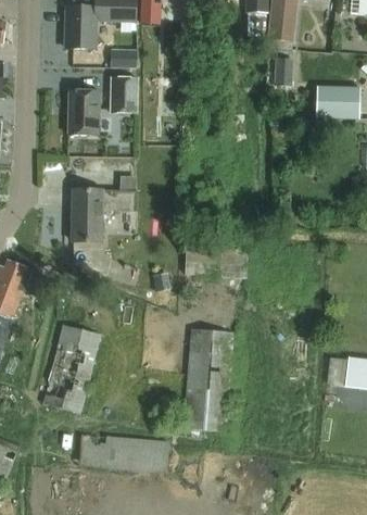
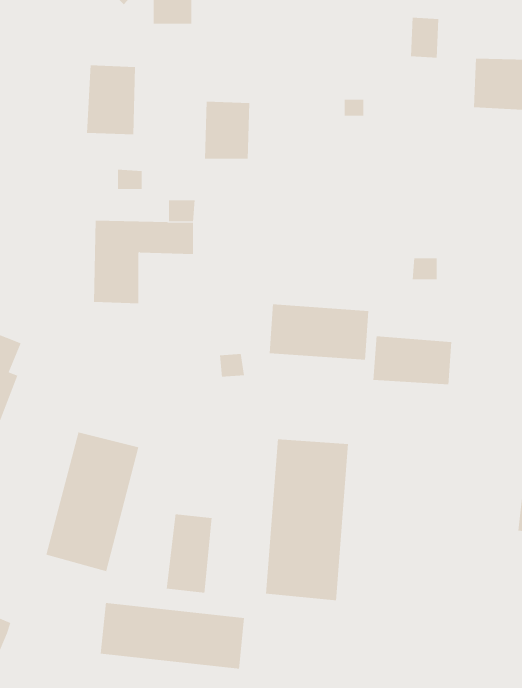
building: [110,75,139,112] -> [204,101,250,159]
building: none -> [373,336,452,385]
building: none -> [166,513,212,594]

